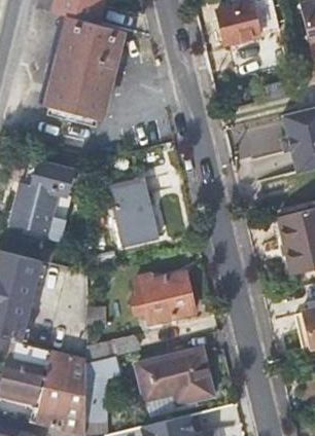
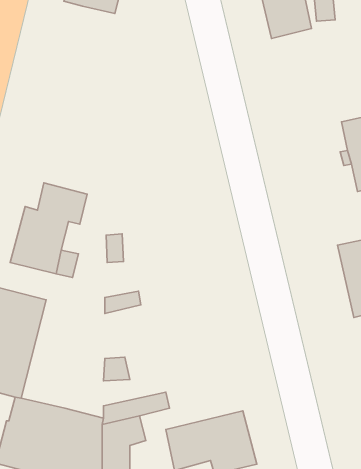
building: [46,16,121,120] -> none
building: [109,178,159,247] -> none
building: [134,271,196,324] -> none

